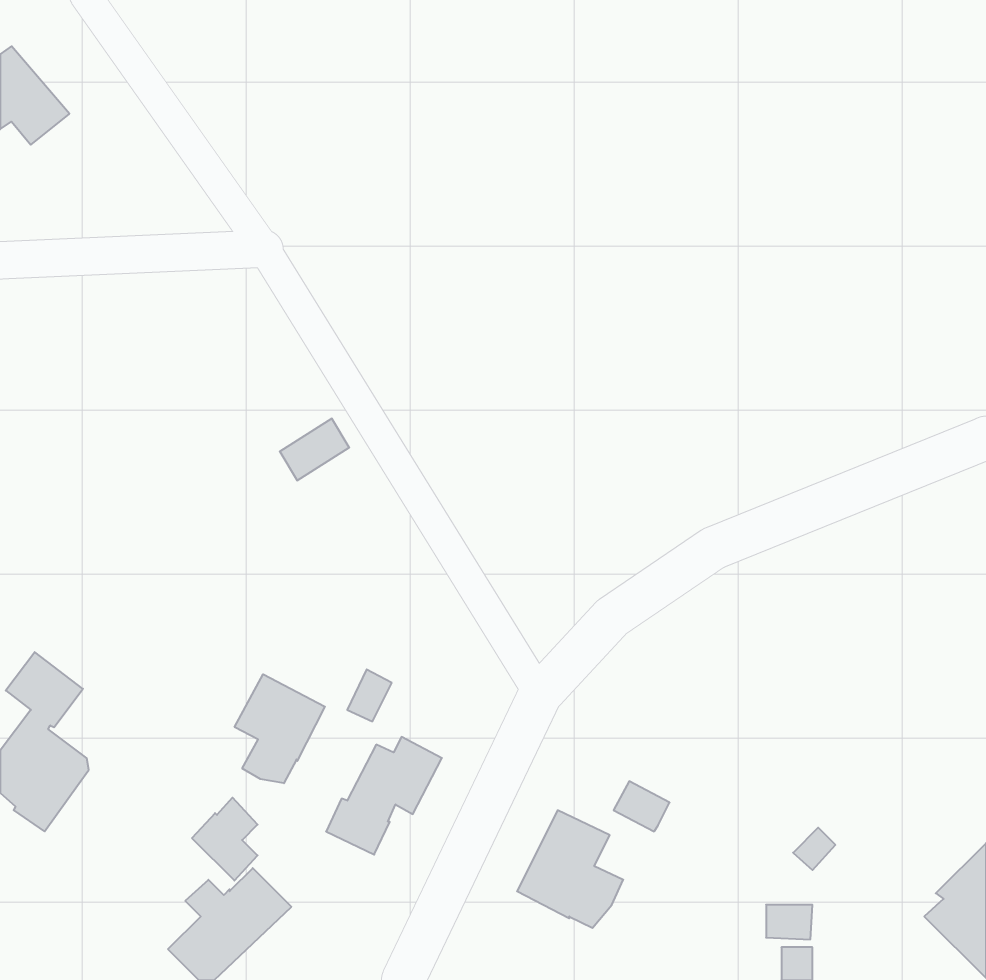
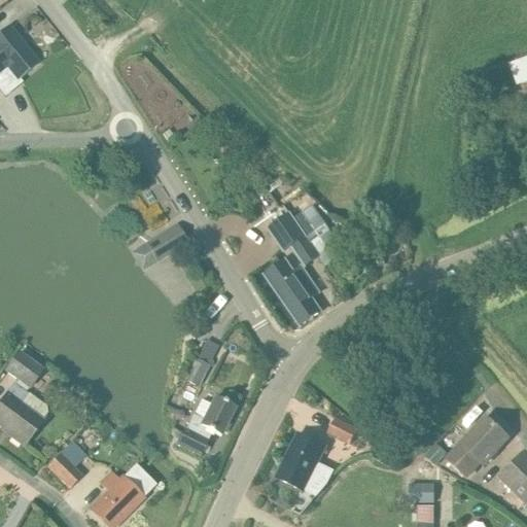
building: none -> [266,211,345,266]
building: none -> [265,258,320,324]
building: [235,674,325,783] -> none
building: none -> [447,416,507,476]
building: [192,798,258,881] -> [46,443,81,487]

